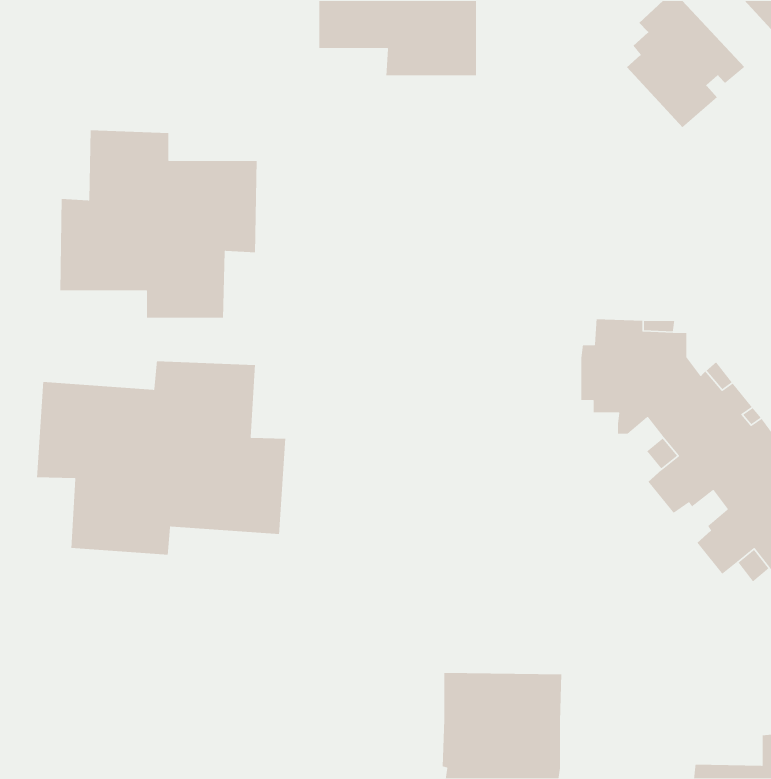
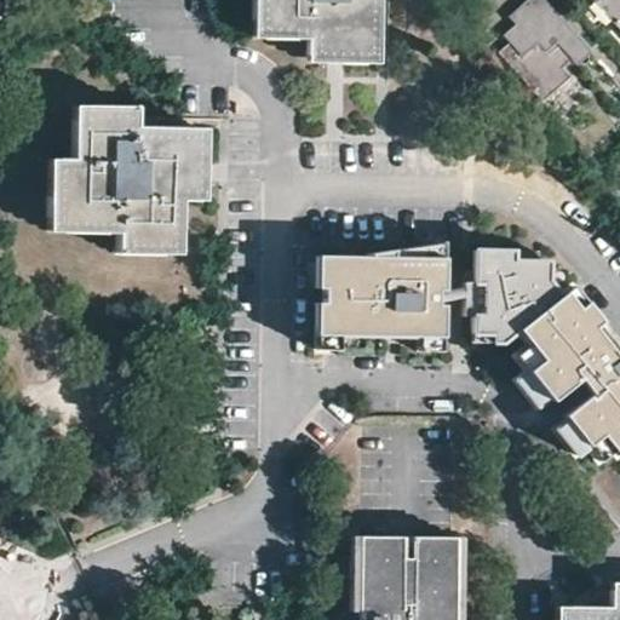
building: none -> [318,245,448,354]
building: [36,361,286,555] -> none

